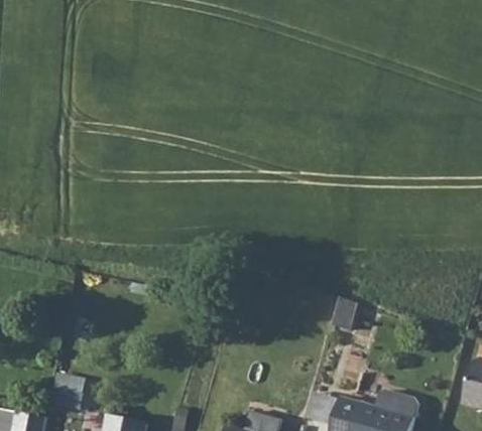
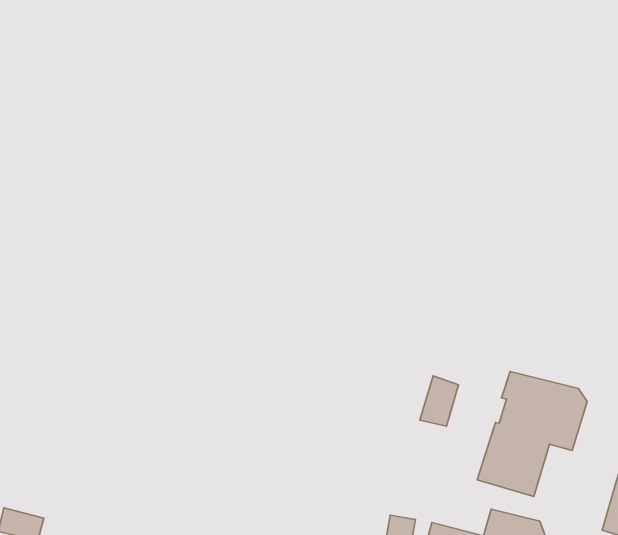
building: none -> [477,371,587,497]

